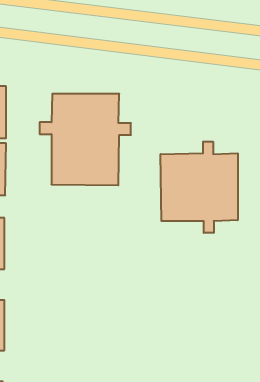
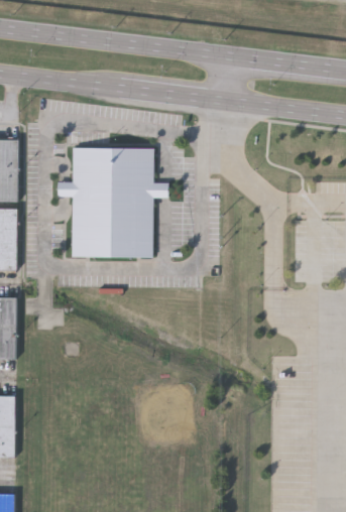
building: [161,142,238,233] -> none

